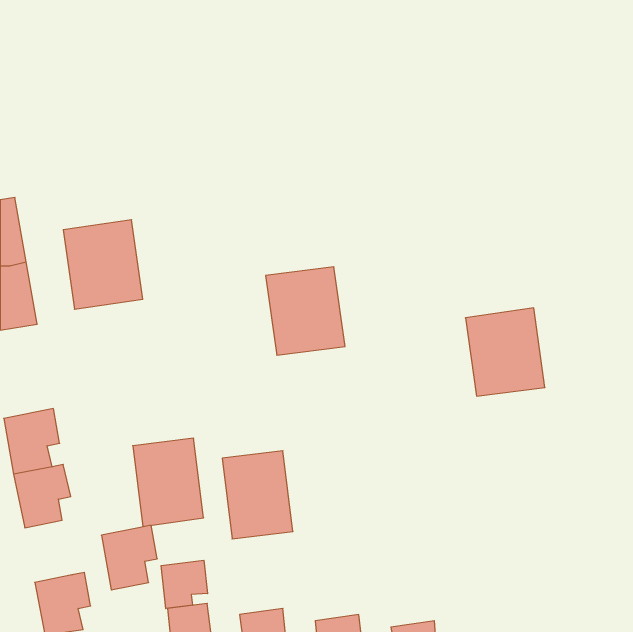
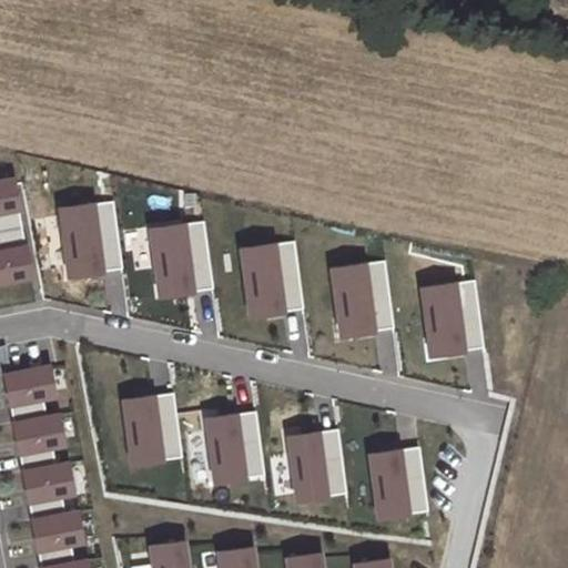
building: none -> [149,219,219,297]
building: none -> [323,260,394,338]
building: none -> [284,424,347,503]
building: none -> [365,444,428,523]
building: [101,525,157,590] -> [23,465,73,523]
building: [161,560,208,609] -> none

